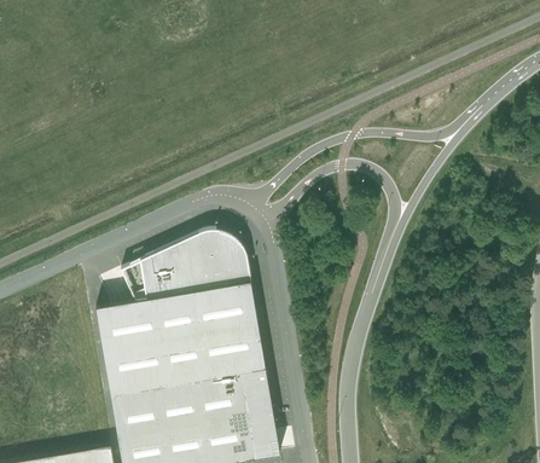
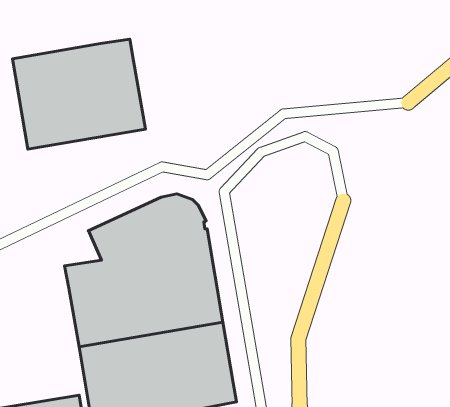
building: none -> [12,39,145,149]

